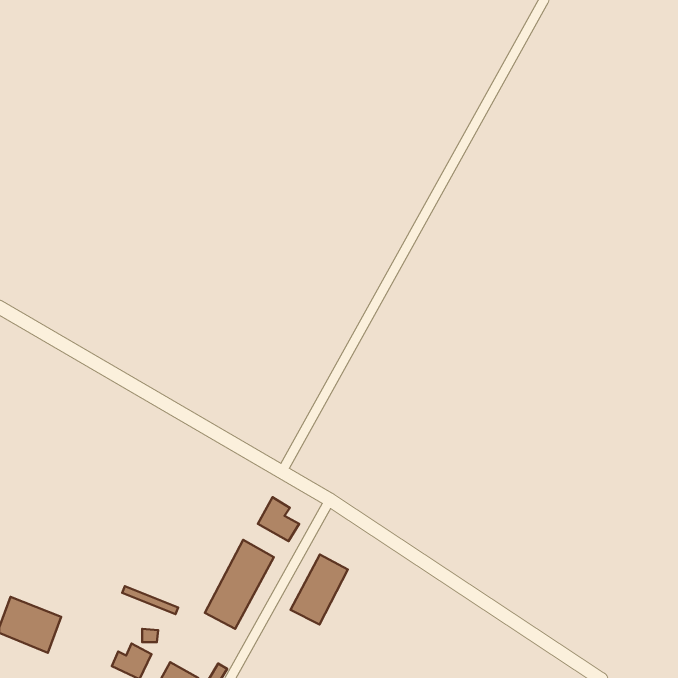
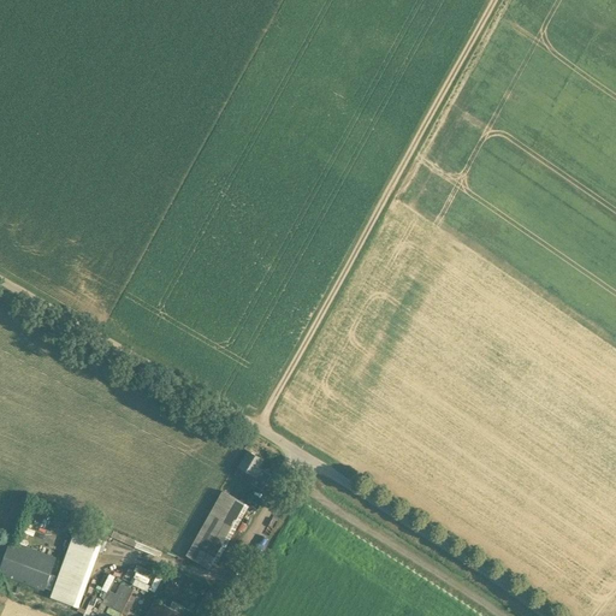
building: [290,554,348,624] -> none
building: none -> [51,528,106,606]

